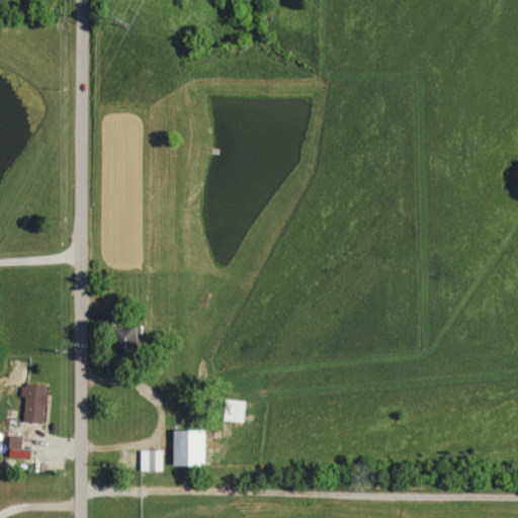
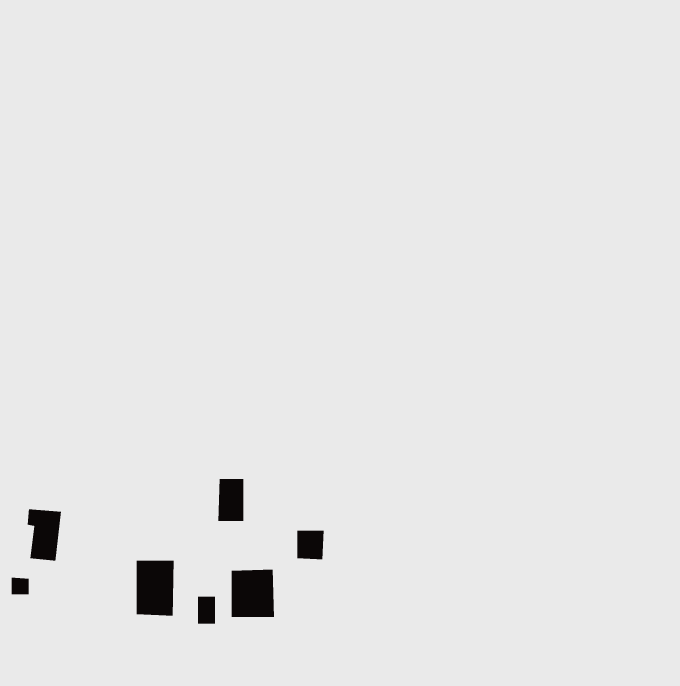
building: [116,326,137,358] -> [217,478,244,521]
building: none -> [136,560,174,616]

